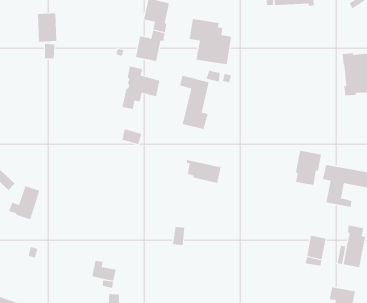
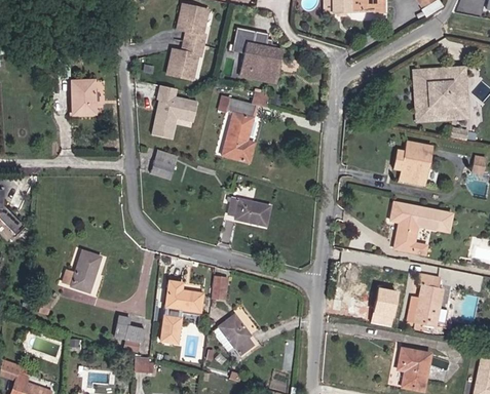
building: [37,13,57,42] -> [72,79,96,114]
building: [295,150,322,185] -> [401,142,432,184]
building: [8,185,40,220] -> [63,250,101,291]
building: none -> [160,280,202,342]
building: none -> [213,314,254,354]

